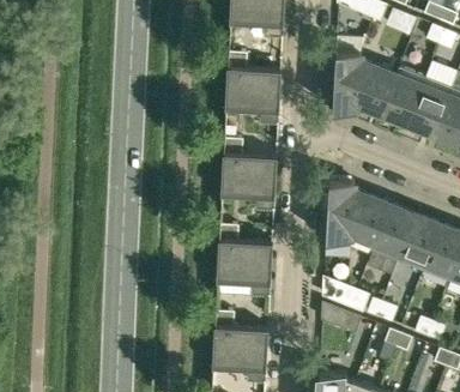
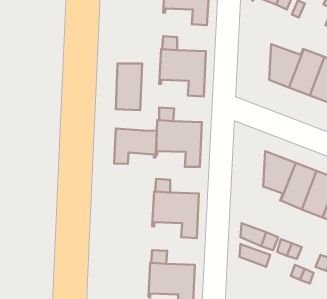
building: [333,53,361,114] -> none
building: none -> [116,63,142,110]
building: none -> [114,128,157,164]
building: [326,181,355,242] -> none

